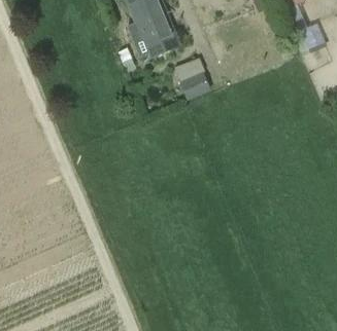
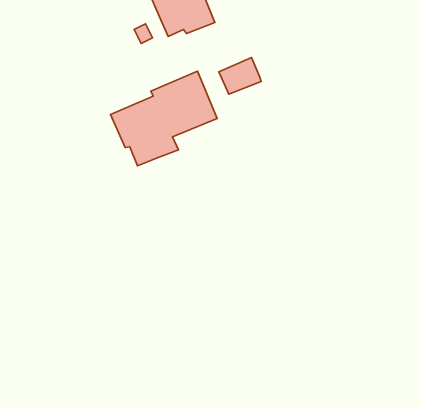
building: none -> [111,71,217,166]

